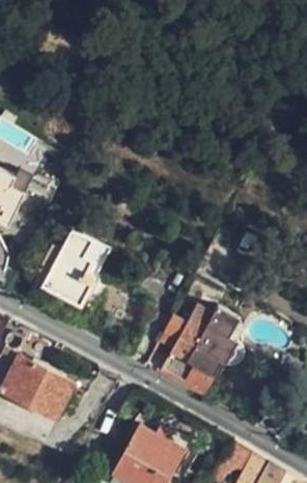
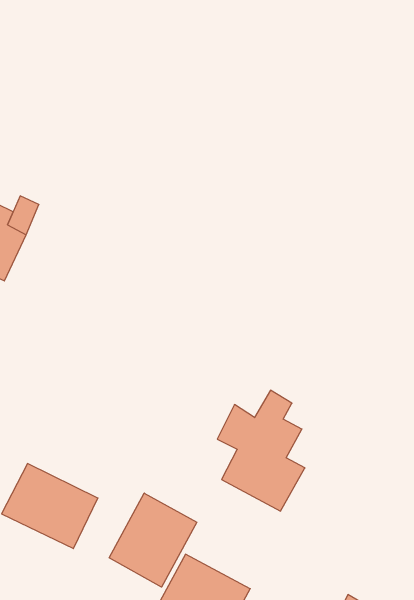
building: [44,230,111,309] -> none
building: none -> [109,493,197,587]

